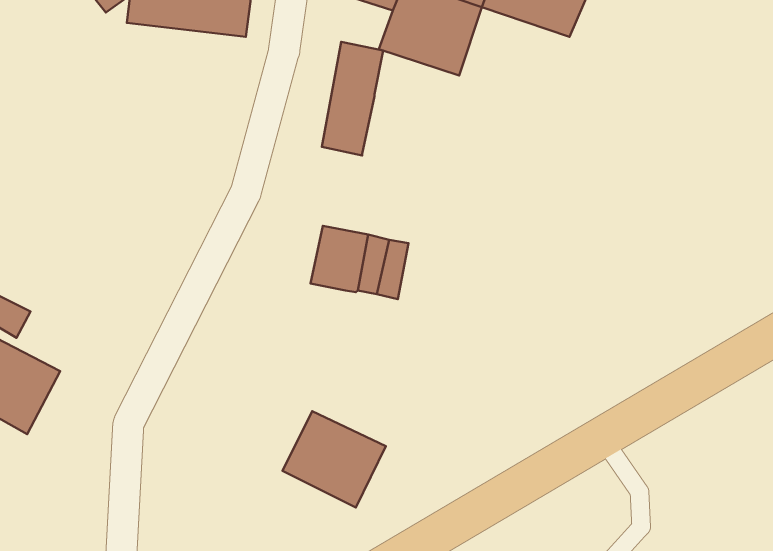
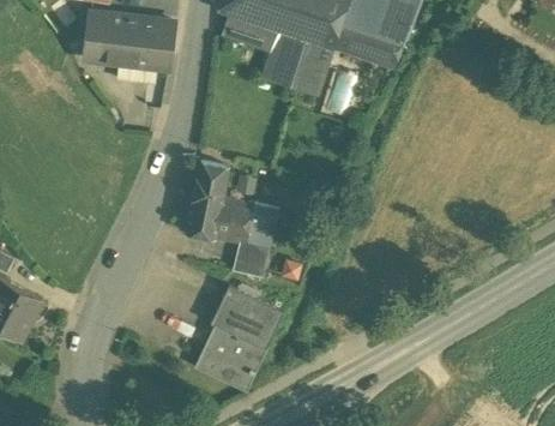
building: [322,42,383,156] -> [187,161,229,239]
building: none -> [233,242,270,278]
building: none -> [211,286,284,349]

